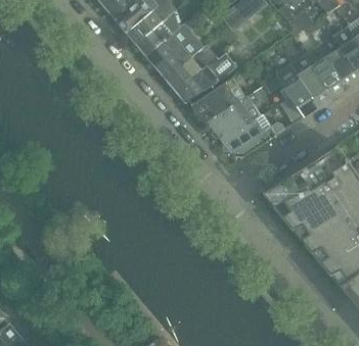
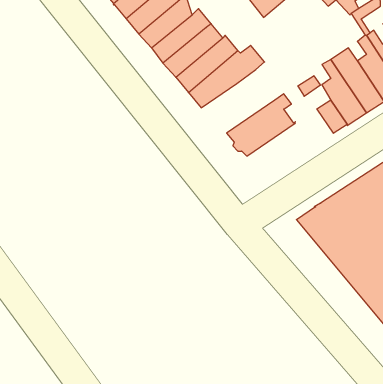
building: [191,77,245,122] -> none
building: [223,114,287,157] -> none

